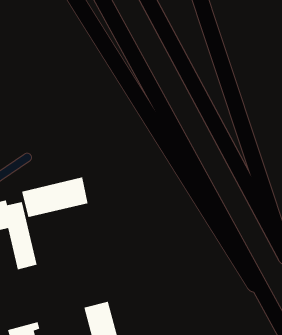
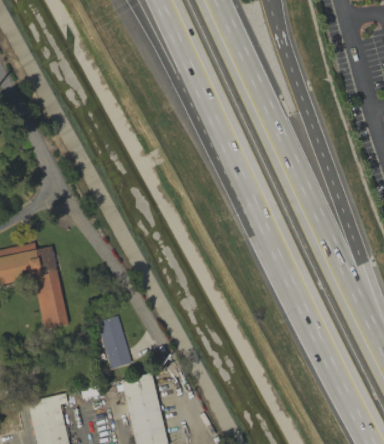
building: [22,177,88,218] -> none
building: none -> [97,316,132,370]

